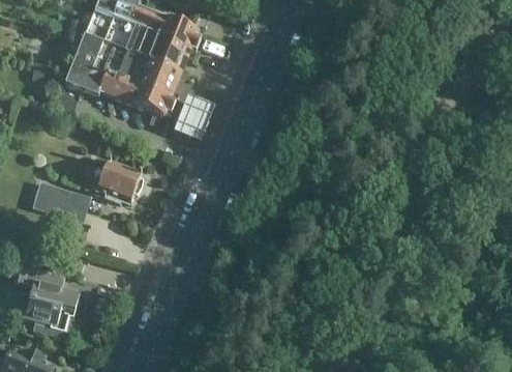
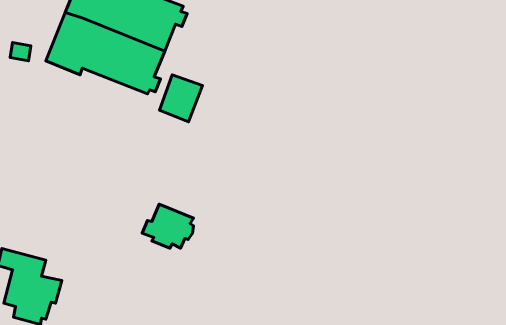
building: [92,160,142,202] -> [142,204,194,248]
building: [31,179,91,221] -> none

